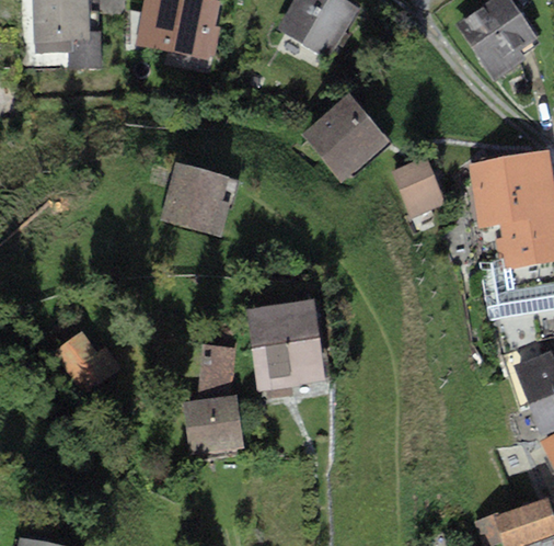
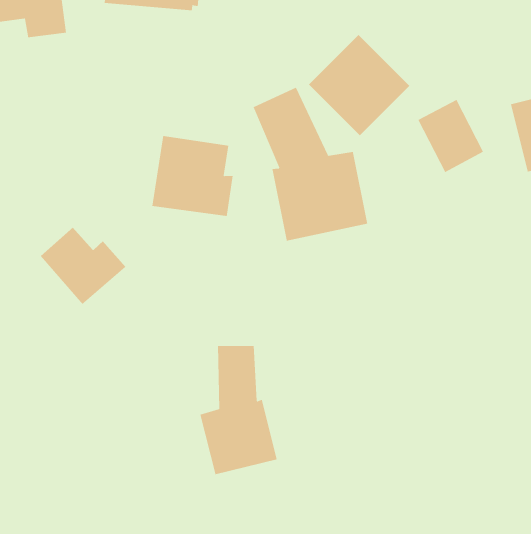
building: none -> [253,87,368,242]
building: [246,298,326,390] -> none
building: [50,331,123,398] -> [40,227,126,305]

